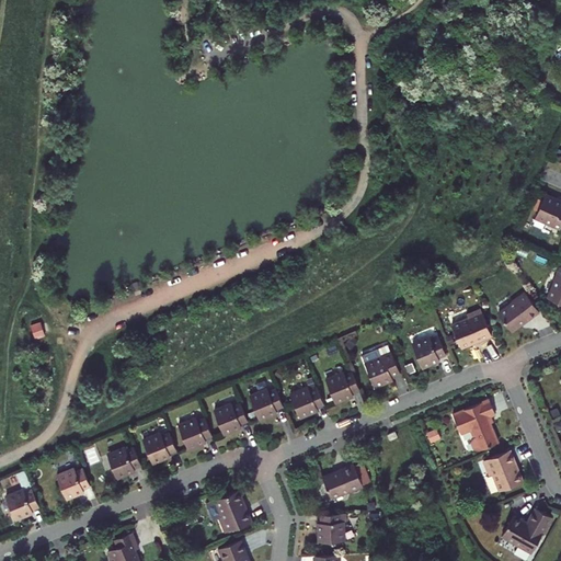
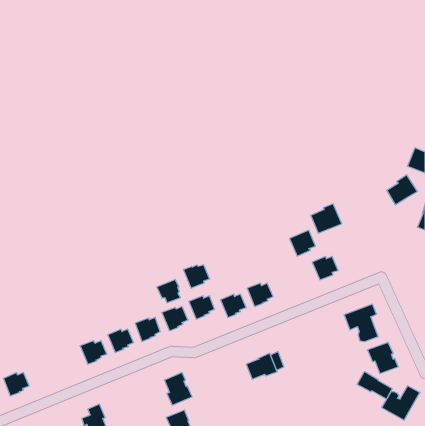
building: [497,294,538,333] -> [387,175,418,205]
building: [449,312,490,351] -> [311,204,342,233]
building: none -> [183,265,209,288]
building: [364,353,398,387] -> [290,230,315,256]
building: none -> [157,279,180,303]
building: [55,469,89,500] -> none
building: none -> [357,372,392,399]
building: [320,514,346,542] -> none

